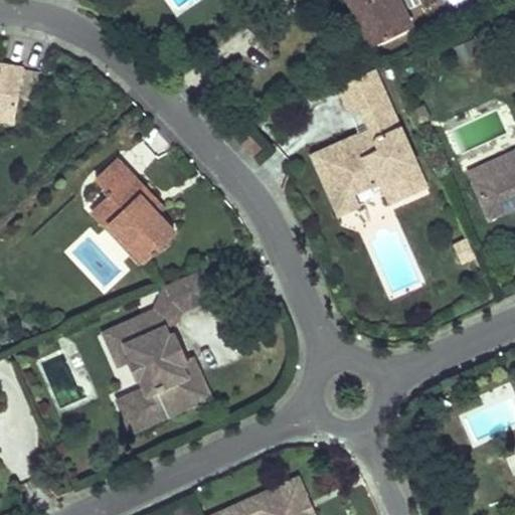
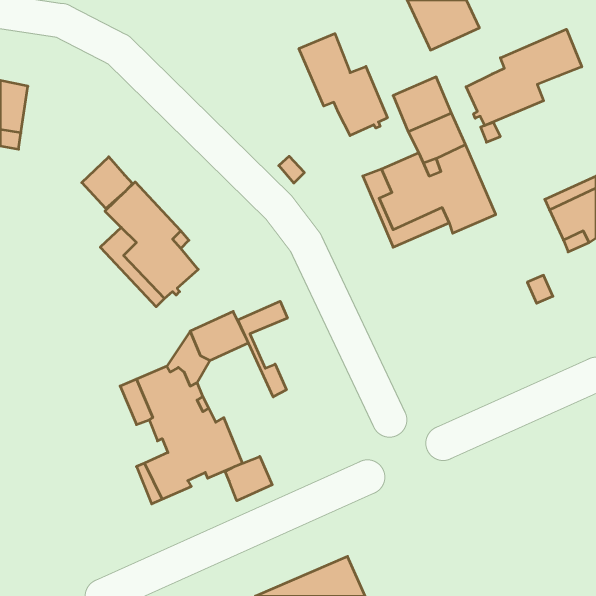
building: none -> [466,29,582,126]
building: none -> [299,34,387,136]
building: none -> [82,157,132,208]
building: none -> [238,301,287,397]
building: none -> [225,456,272,501]

